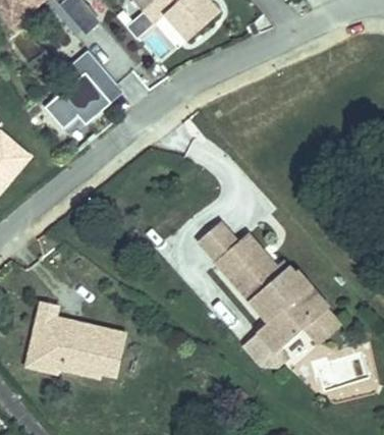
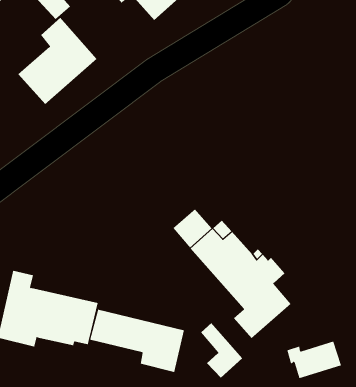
building: [300,298,343,355] -> [200,322,243,379]
building: none -> [89,309,185,373]

